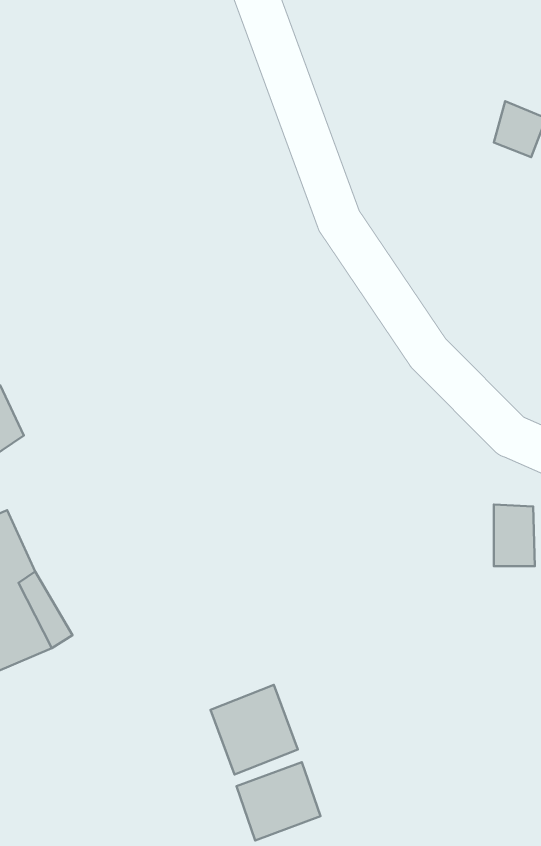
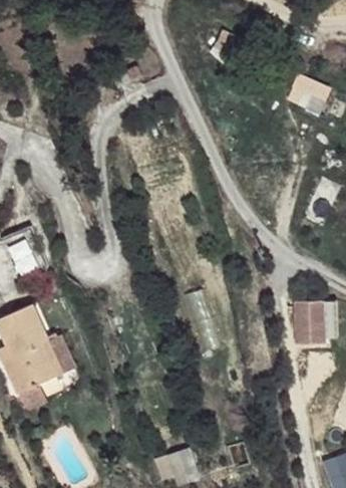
building: [210,685,298,775] -> none

